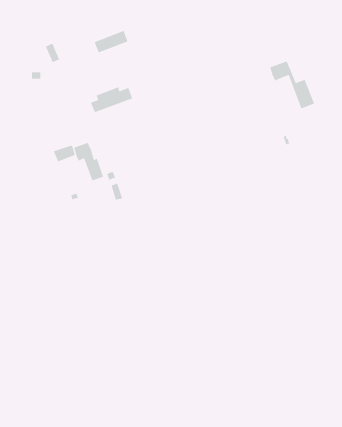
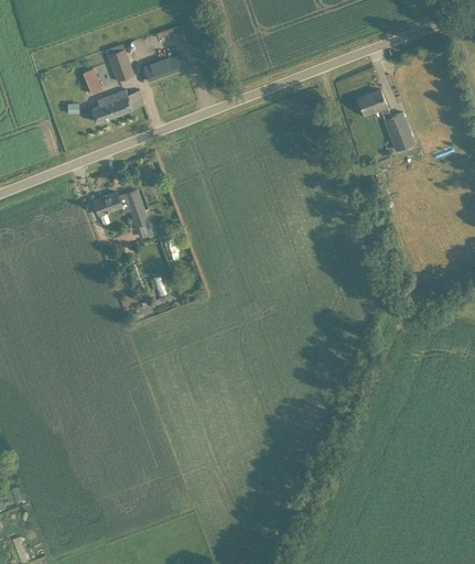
building: none -> [107,48,133,82]
building: [90,86,133,113] -> [90,89,143,122]

